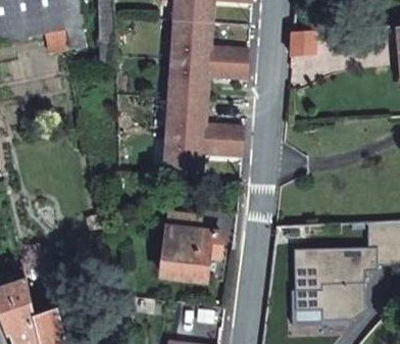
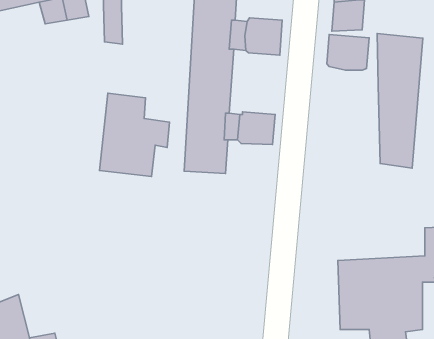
building: none -> [377,33,423,168]
building: none -> [327,35,369,70]
building: [160,208,219,279] -> [99,93,170,176]

